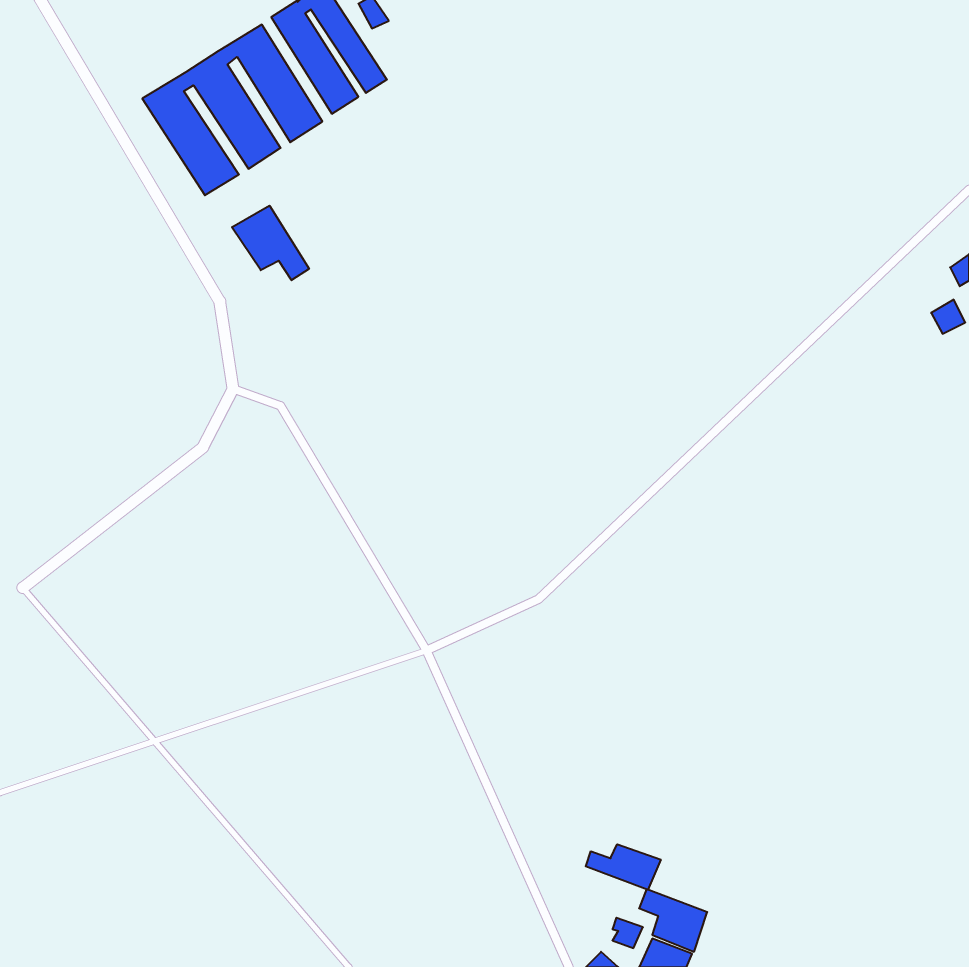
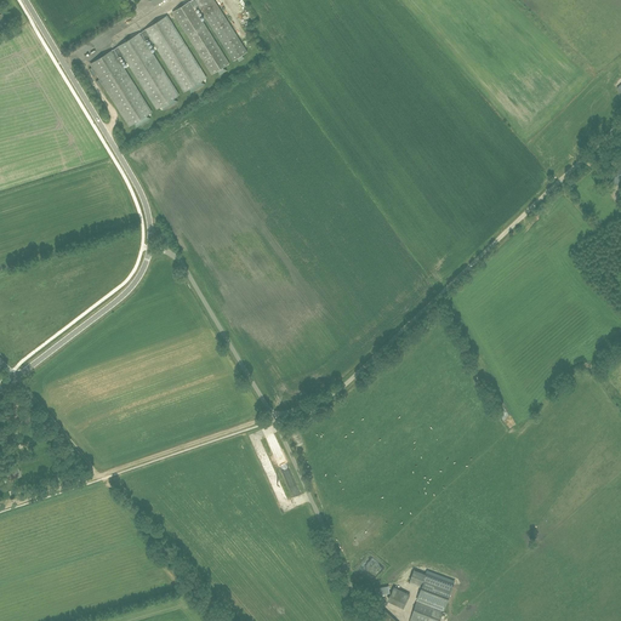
building: [232,206,309,280] -> none
building: [586,844,661,890] -> none

